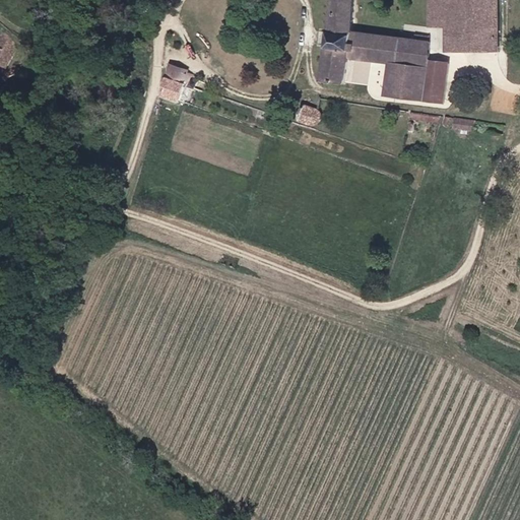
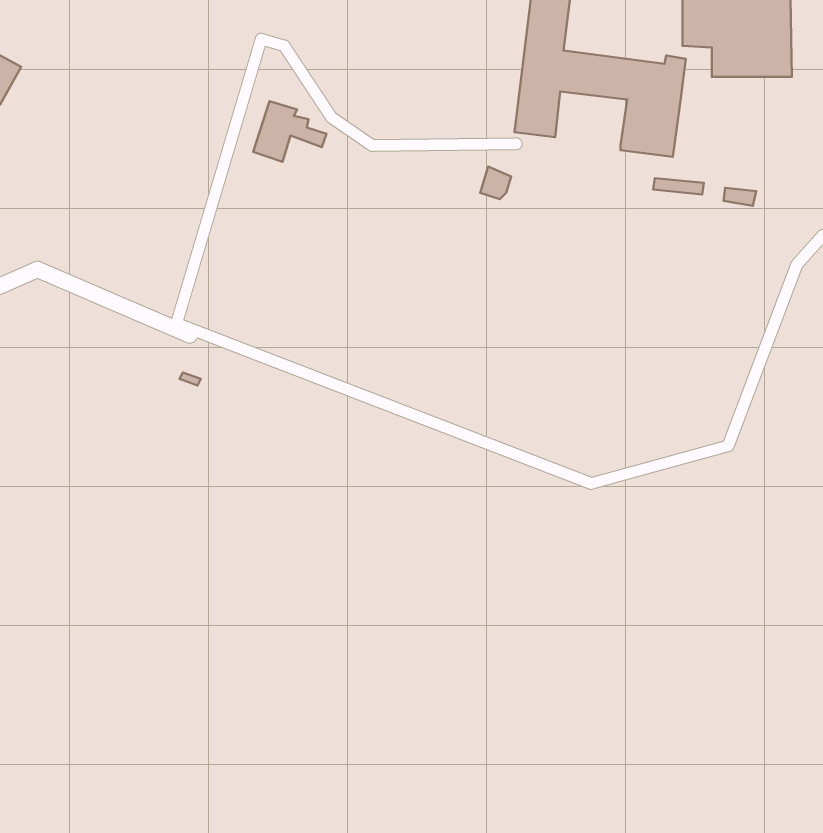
building: [345,57,390,90] -> none
building: [418,61,445,101] -> none

